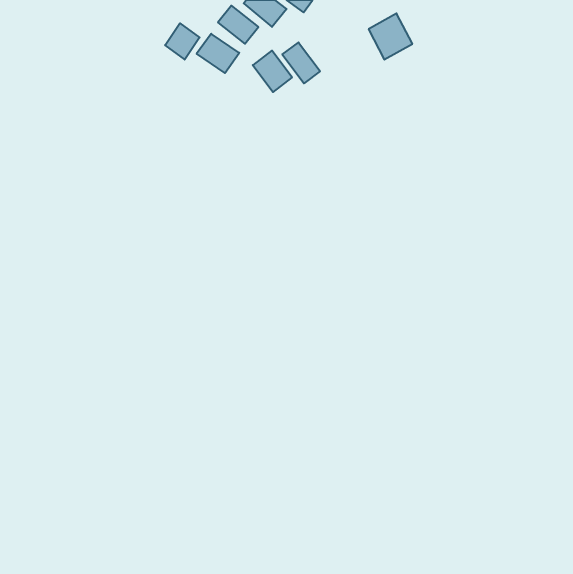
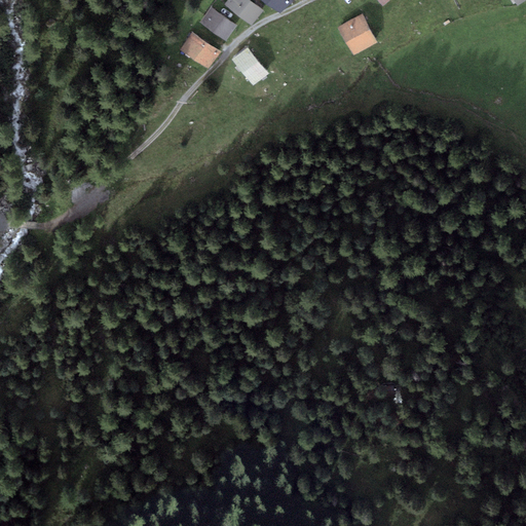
building: [165,23,200,60] -> none
building: [282,42,320,83] -> none

